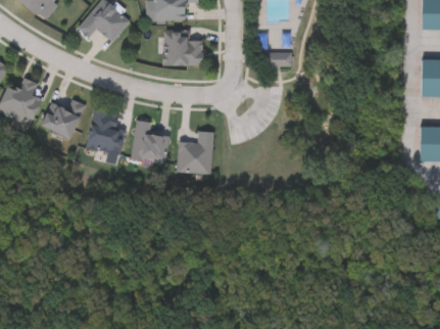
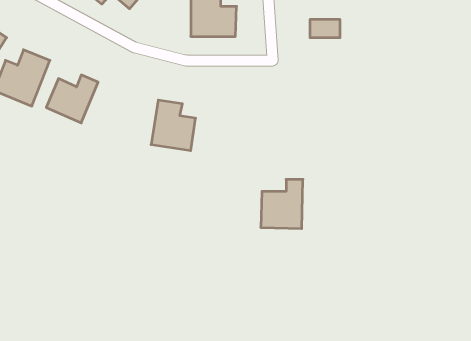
building: [87,109,126,155] -> none
building: [177,132,212,174] -> [261,179,303,229]

